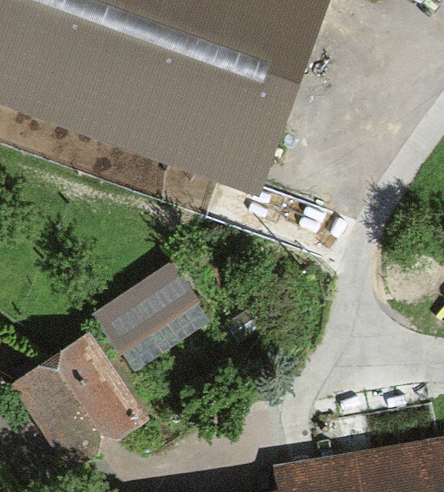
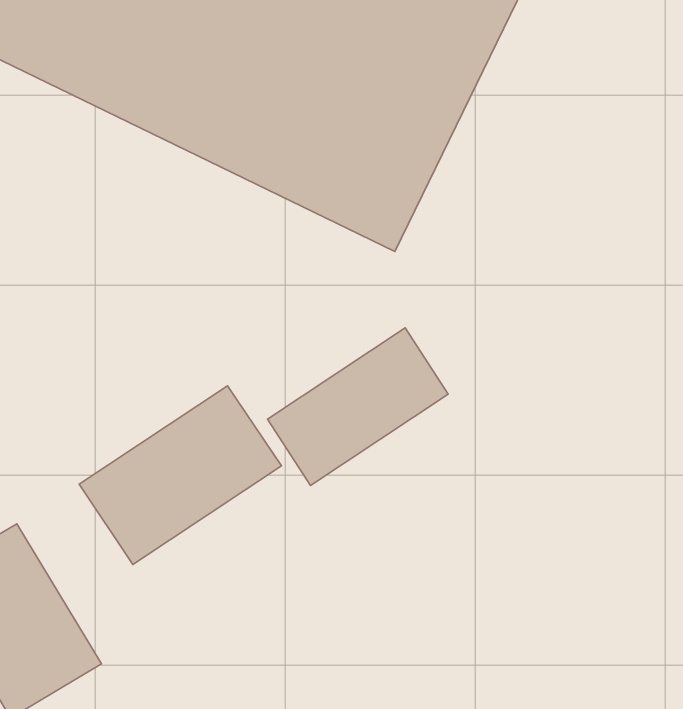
building: none -> [267,328,448,485]

